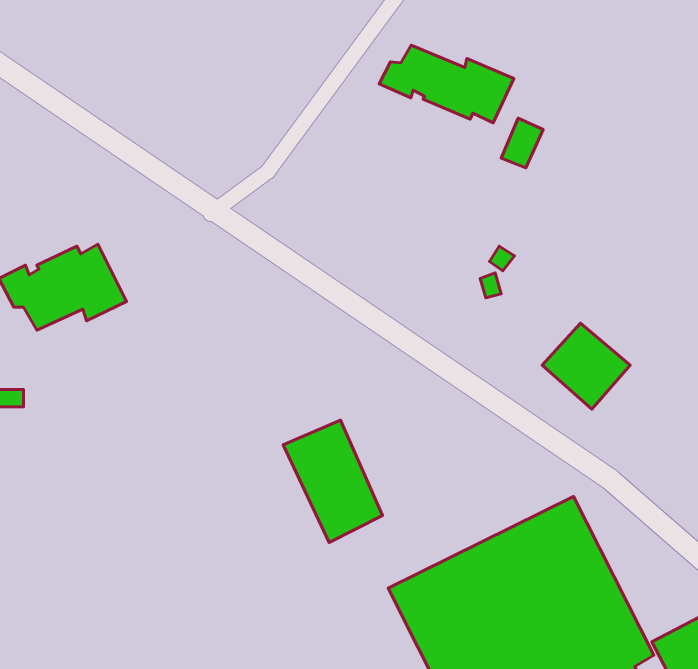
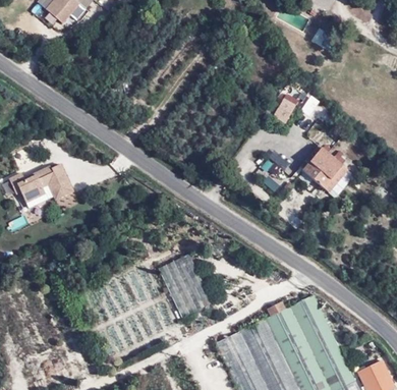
building: [379,45,514,123] -> none
building: [542,323,630,409] -> [301,149,348,194]

